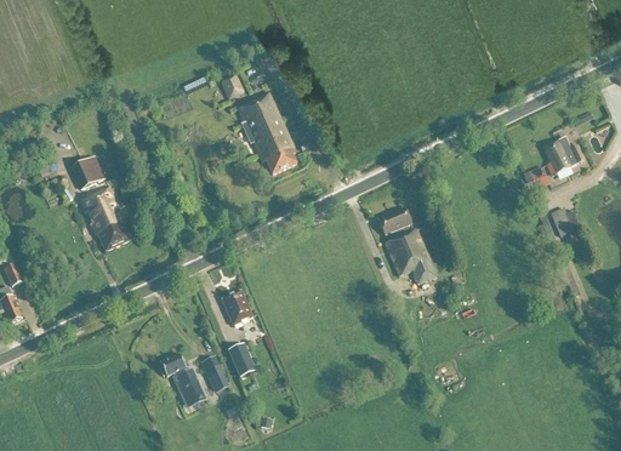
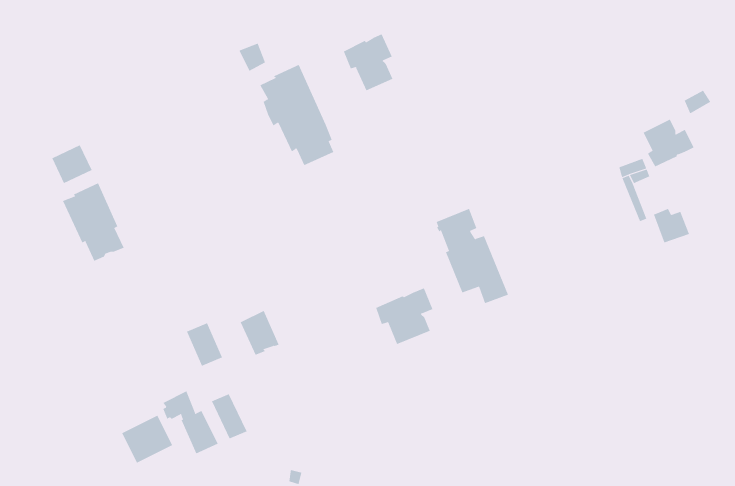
building: none -> [343,34,393,91]
building: none -> [375,288,433,345]
building: [228,342,257,377] -> [186,322,223,367]
building: none -> [121,415,173,463]

